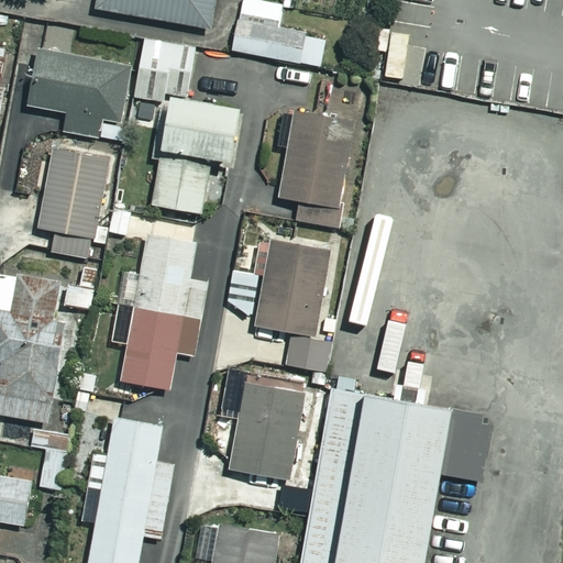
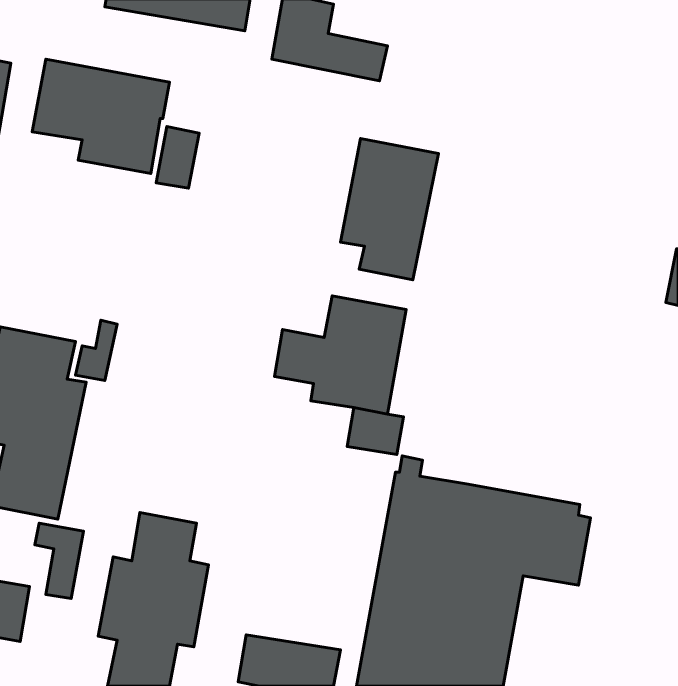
building: [133,40,197,102] -> none
building: [168,101,246,165] -> none
building: [38,147,110,260] -> none
building: [153,161,211,214] -> none
building: [113,236,207,390] -> none
building: [228,386,302,485] -> none

